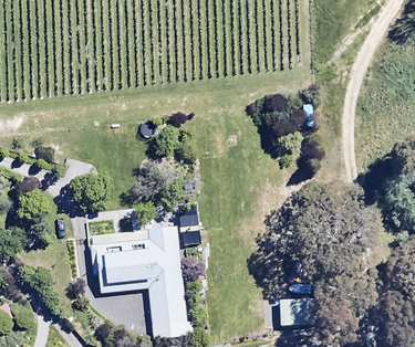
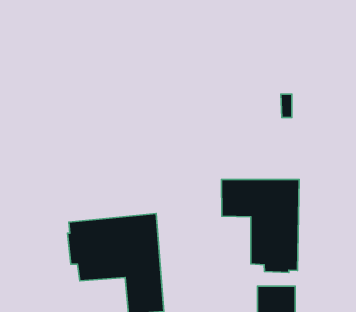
building: none -> [222,180,299,273]

